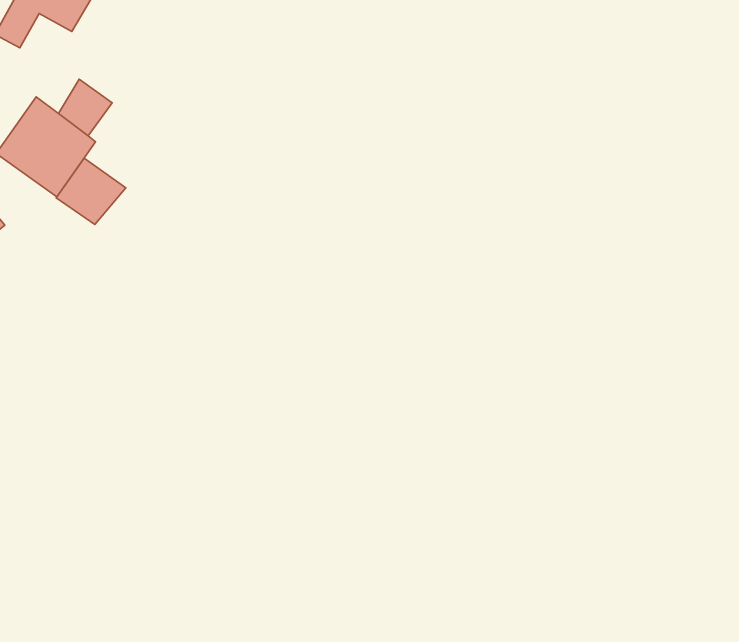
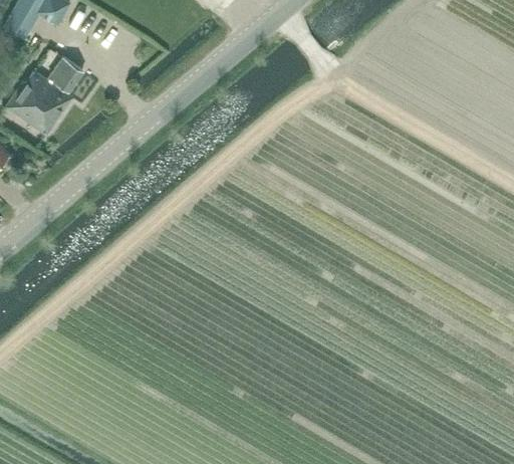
building: [56,158,126,224] -> none

